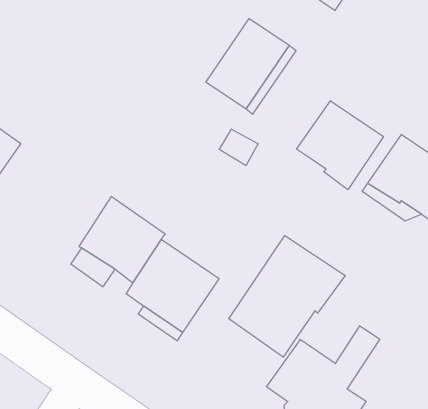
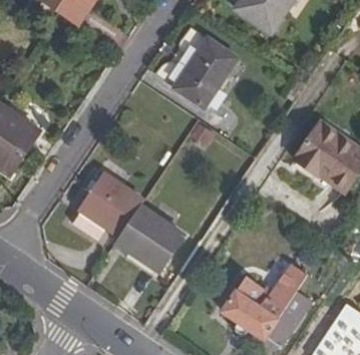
building: [297,101,383,190] -> none
building: [229,236,345,357] -> none

